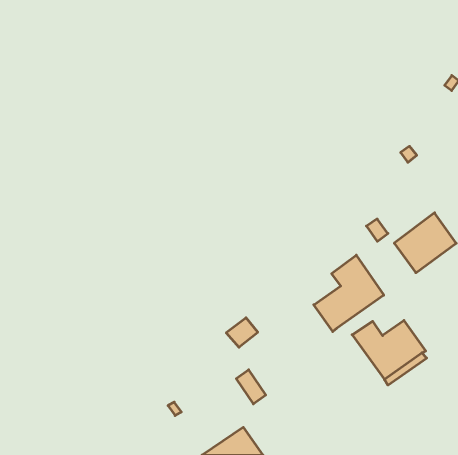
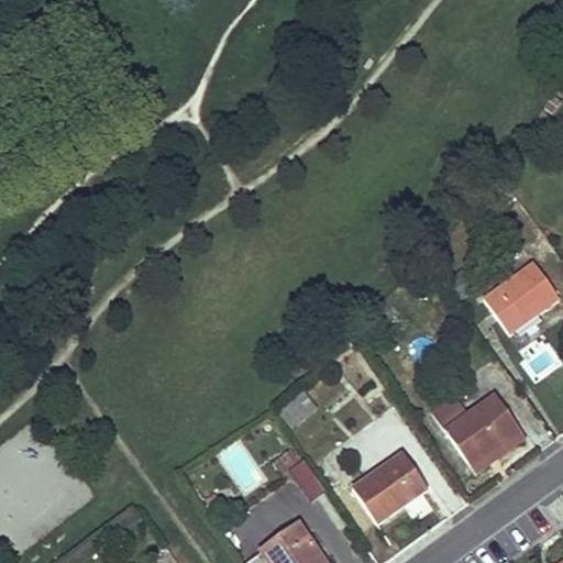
building: [314,255,384,332] -> none
building: none -> [353,452,429,525]

